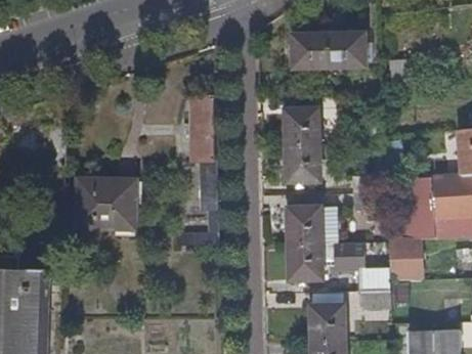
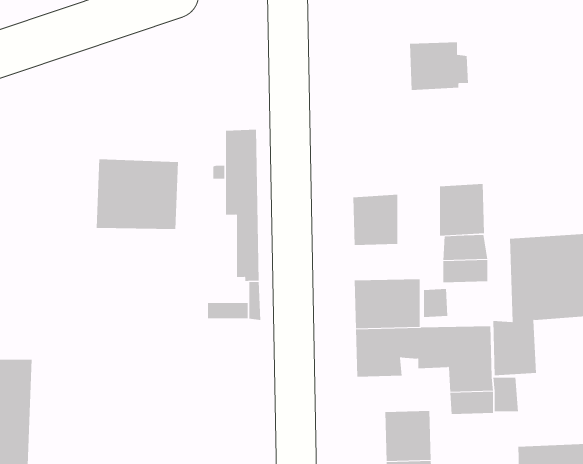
building: [291,34,329,70] -> none
building: [286,108,319,147] -> [439,184,485,236]
building: [76,178,137,230] -> [96,159,179,230]

